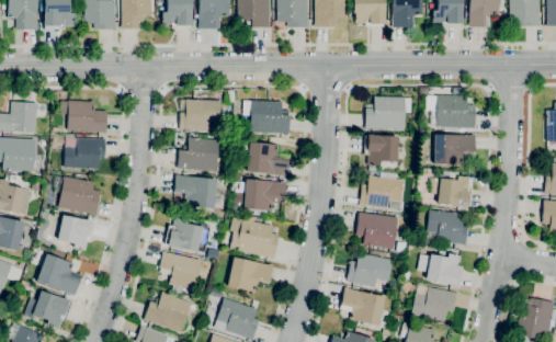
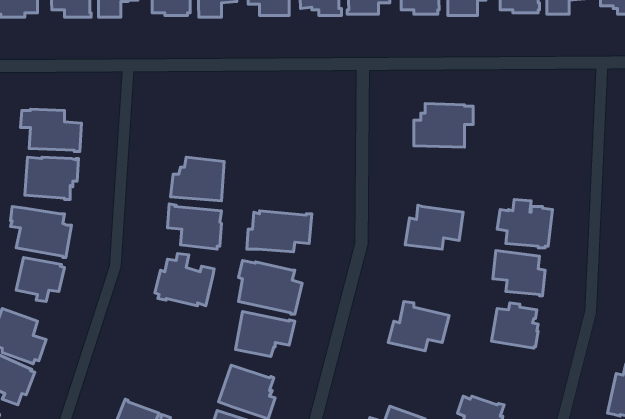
building: [427,95,476,127] -> none
building: [180,99,222,130] -> none
building: [243,100,291,134] -> none
building: [365,134,399,166] -> none
building: [434,134,476,164] -> none
building: [239,140,291,175] -> none
building: [356,212,398,249] -> none
building: [160,250,202,288] -> none
building: [411,285,457,322] -> none
building: [342,287,392,327] -> none
building: [144,290,192,332] -> none

